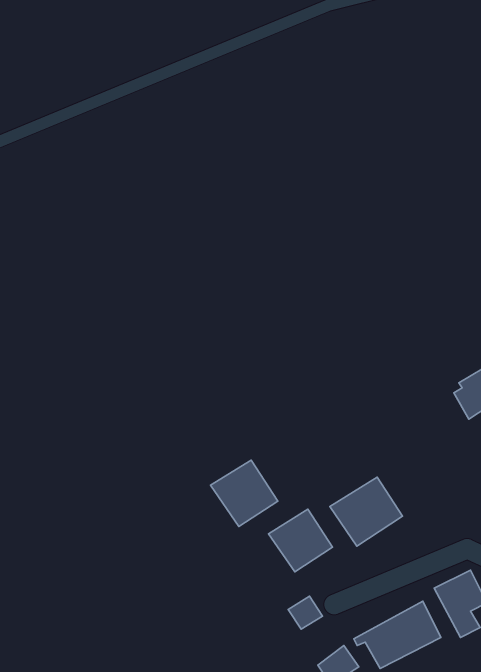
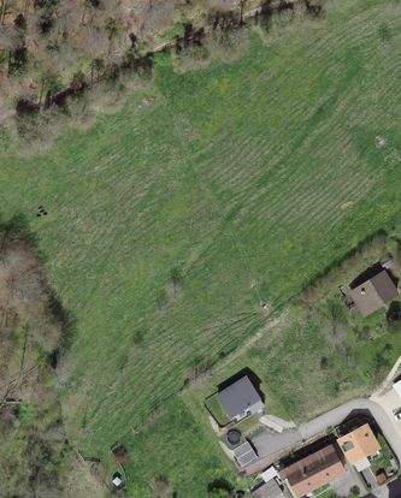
building: [210,460,278,527] -> none
building: [330,477,403,546] -> none

